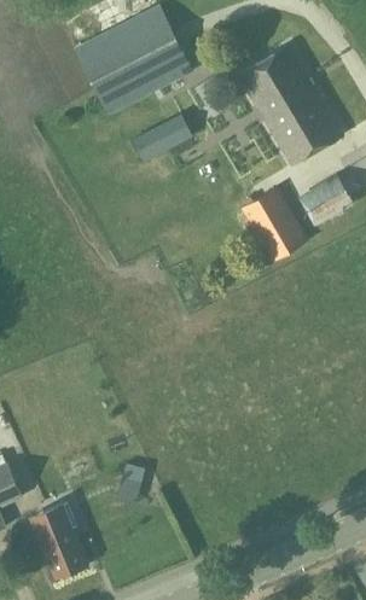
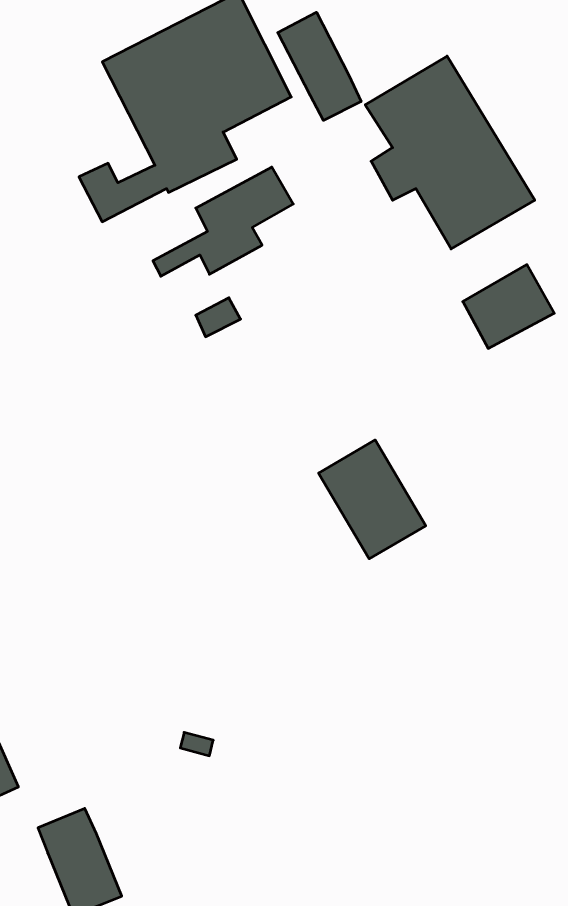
building: none -> [278,12,361,120]
building: [240,187,307,261] -> [319,440,426,559]

